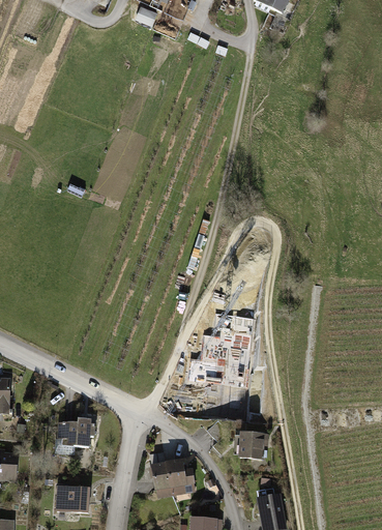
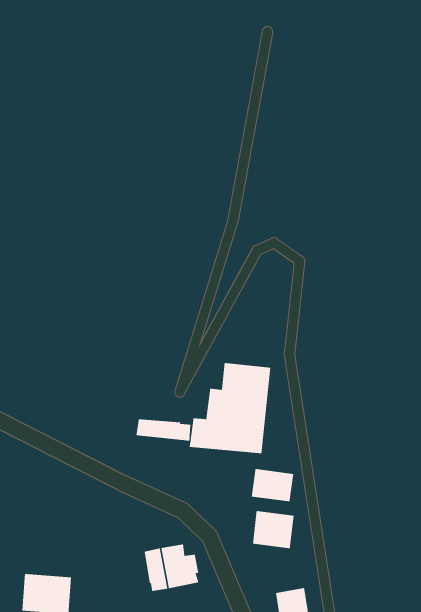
building: none -> [136,418,191,442]
building: none -> [251,468,294,502]
building: [54,420,92,452] -> none

